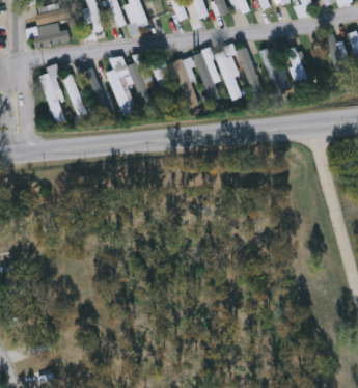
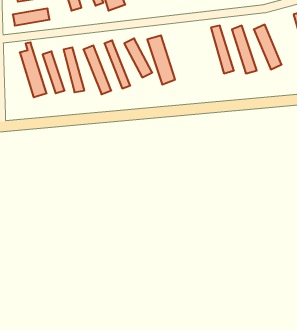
building: [193,48,244,102] -> none

